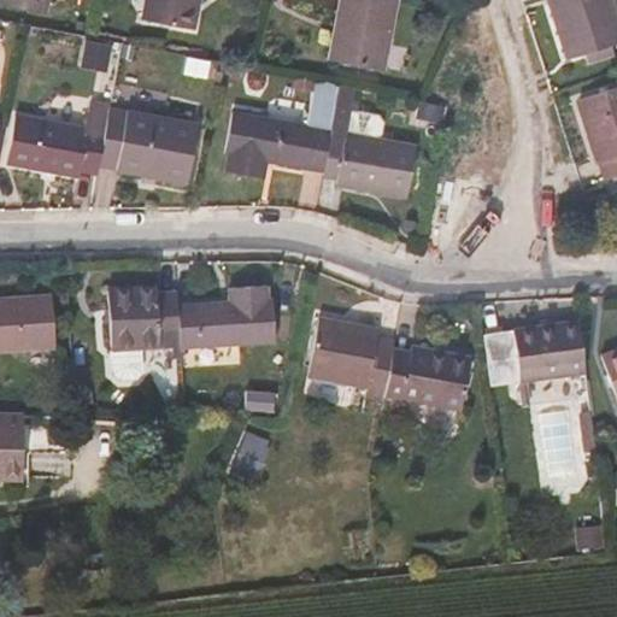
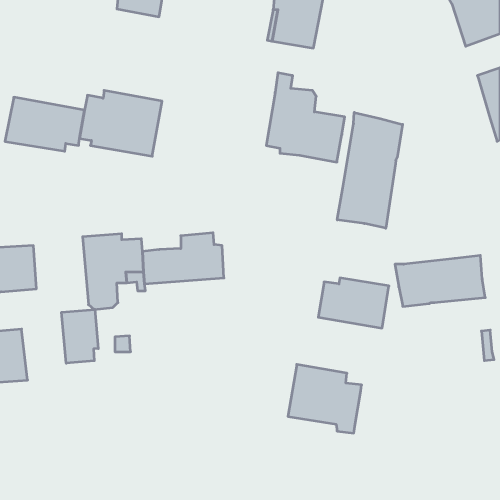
building: [224,110,337,188] -> none
building: none -> [337,112,403,228]
building: [308,313,399,398] -> [288,364,362,433]
building: none -> [62,309,98,363]

